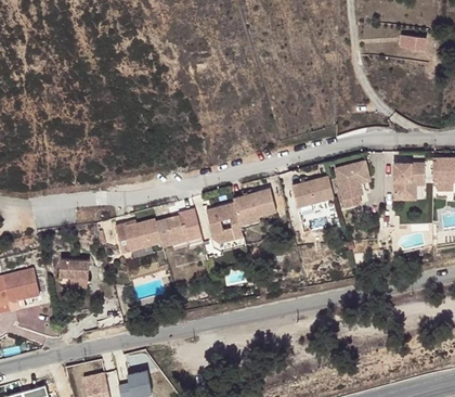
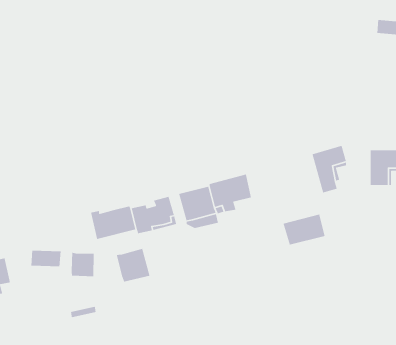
building: [291,175,334,206] -> [282,213,325,245]
building: none -> [116,248,150,283]
building: none -> [71,252,94,277]

